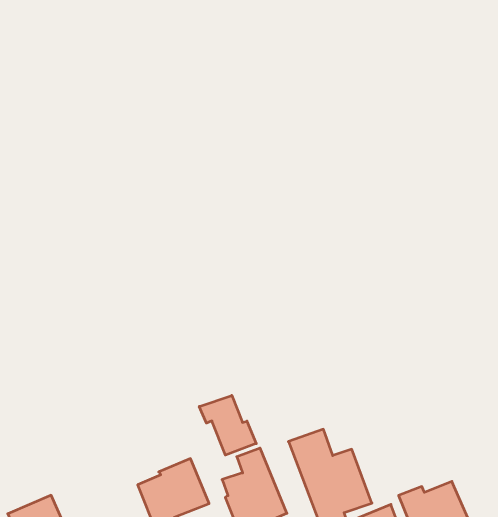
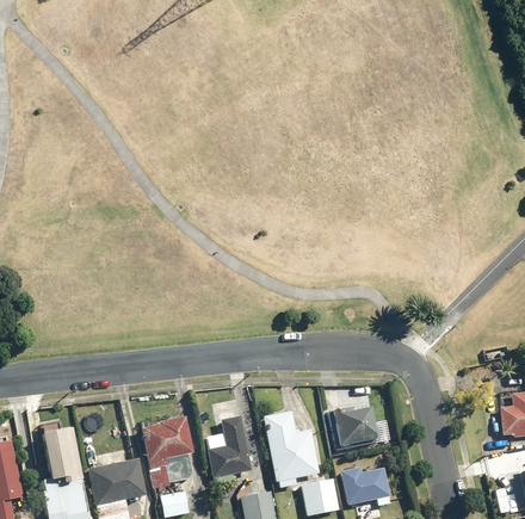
building: [199,395,256,455] -> none
building: none -> [332,407,377,446]

